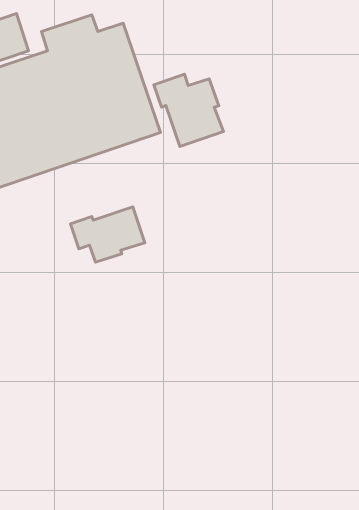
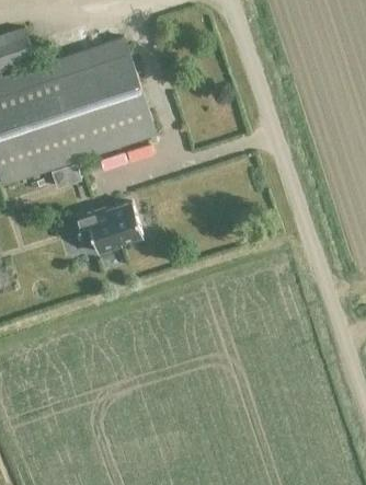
building: [154,74,224,147] -> none

